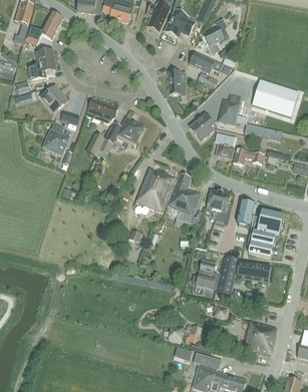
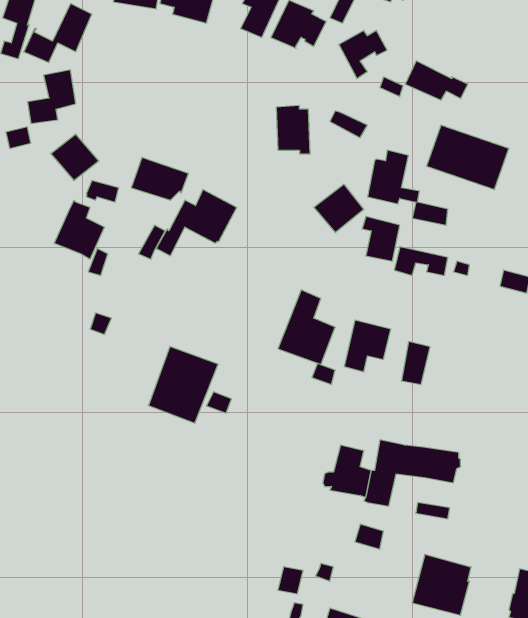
building: [188,51,223,73] -> [405,61,468,100]
building: [136,168,176,212] -> [148,346,218,423]
building: [248,211,283,258] -> none

